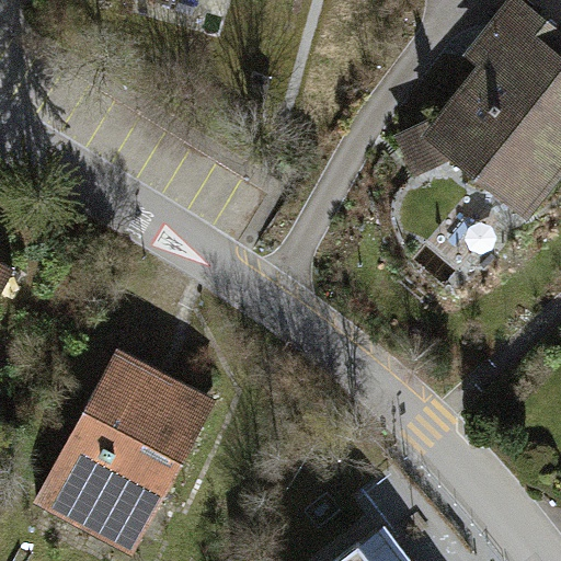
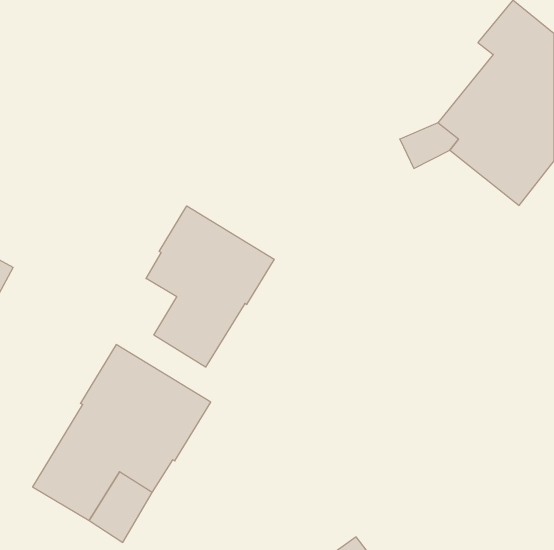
building: none -> [146,206,274,367]

